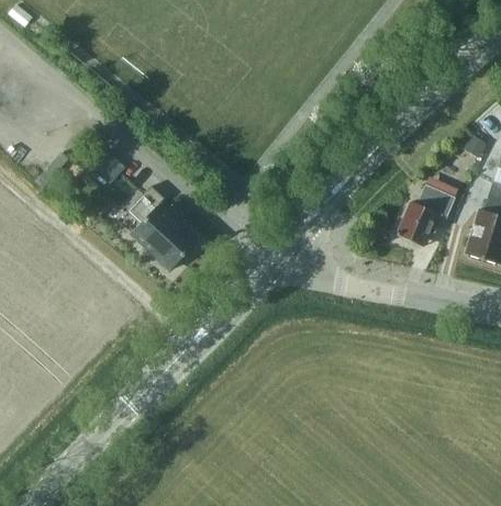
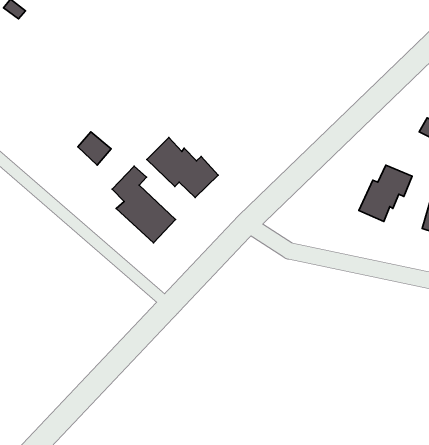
building: none -> [147,138,218,197]

